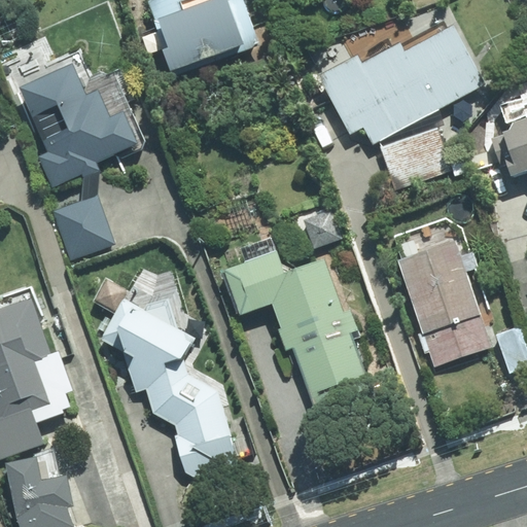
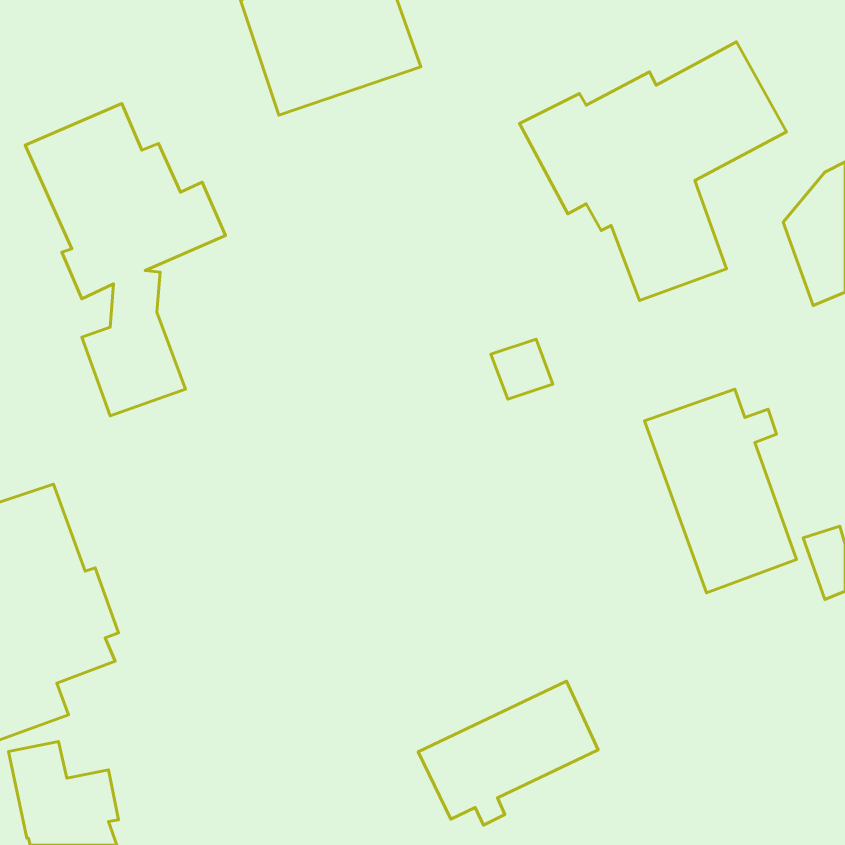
building: [224,252,387,417] -> none
building: [101,297,236,472] -> none
building: none -> [418,681,598,825]

